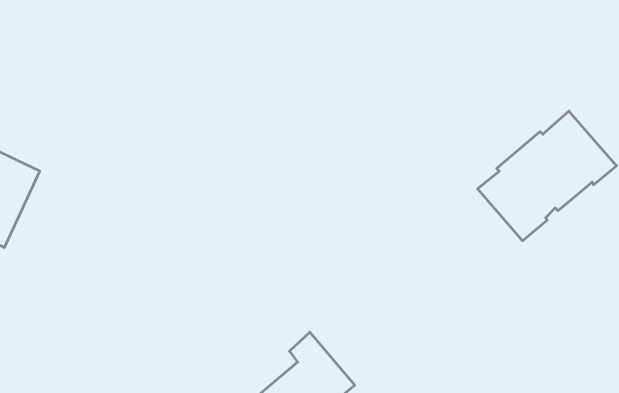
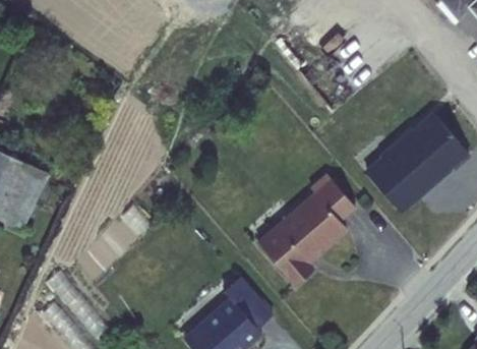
building: none -> [255,174,352,285]

